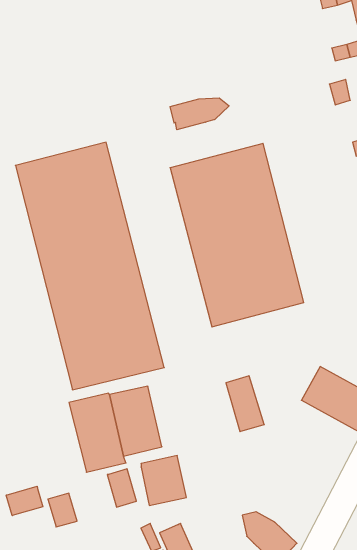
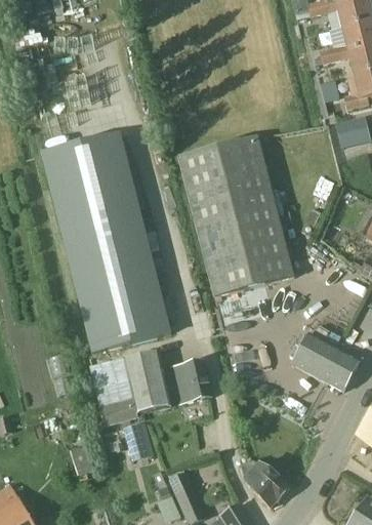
building: [170,98,229,130] -> none
building: [141,456,186,505] -> [172,359,212,403]
building: [6,486,43,516] -> none

